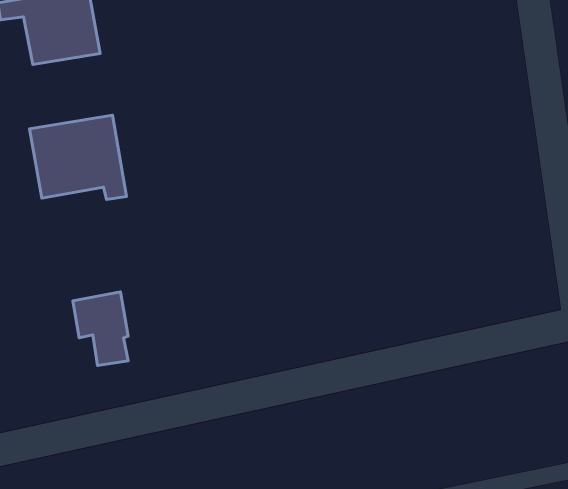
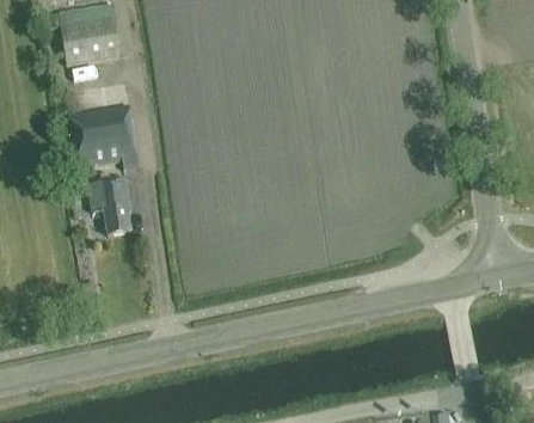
building: [73,292,128,365] -> [88,176,131,233]

